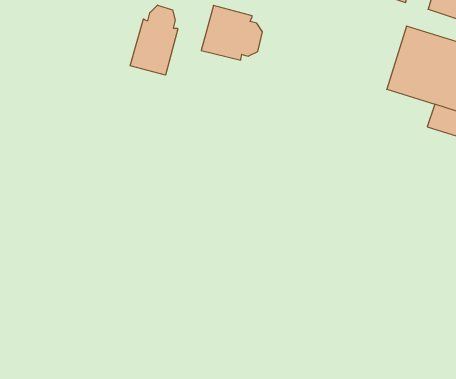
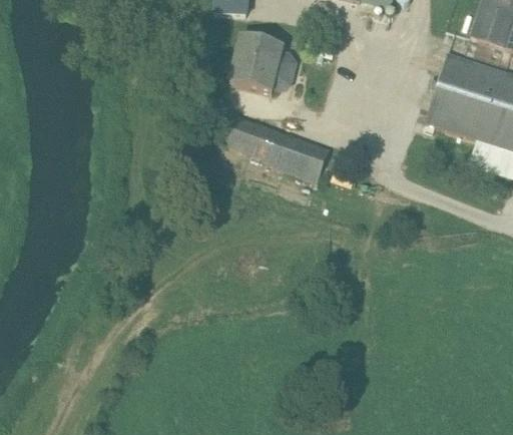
building: [130,5,178,75] -> none
building: none -> [219,111,330,179]

